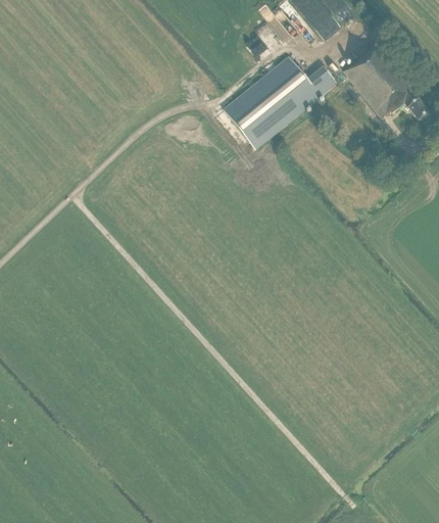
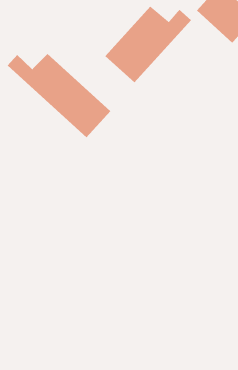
building: none -> [7,53,111,138]

